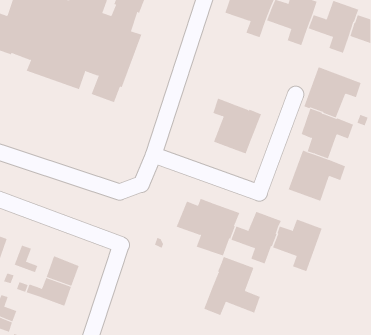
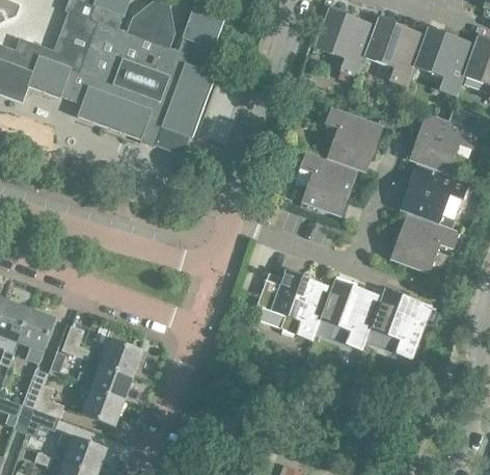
building: none -> [324,105,383,163]
building: [203,256,261,316] -> none
building: none -> [82,388,122,424]

